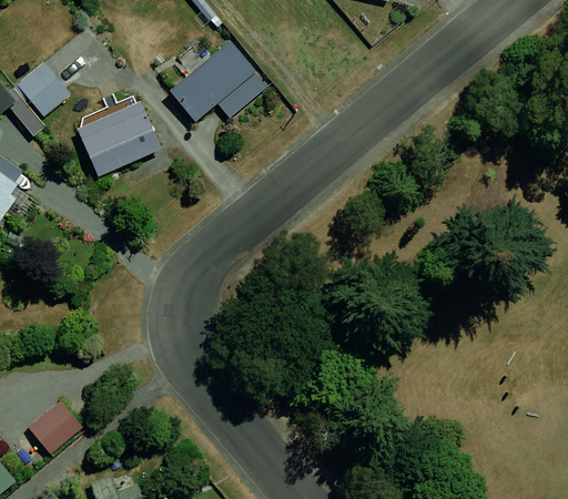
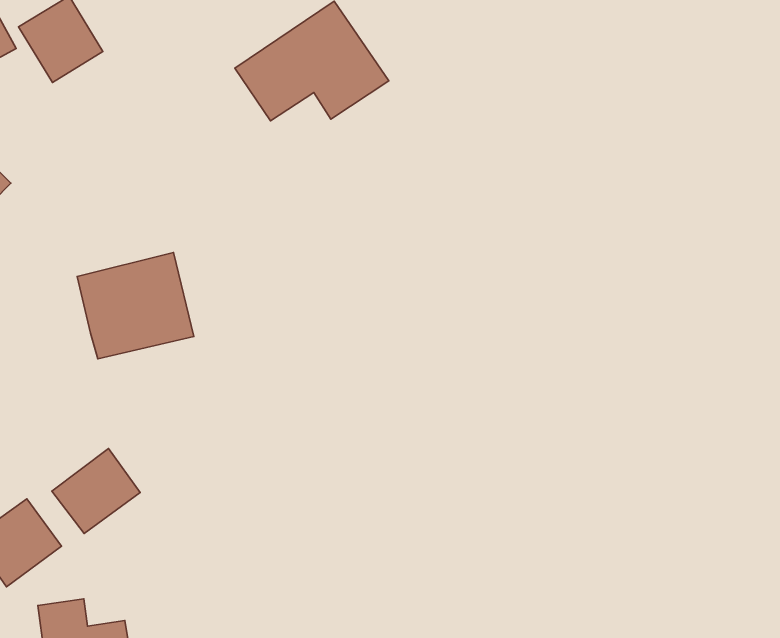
building: [79,98,161,174] -> [77,252,194,359]
building: none -> [52,449,140,534]

